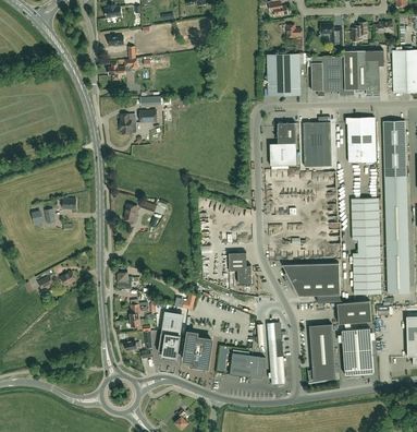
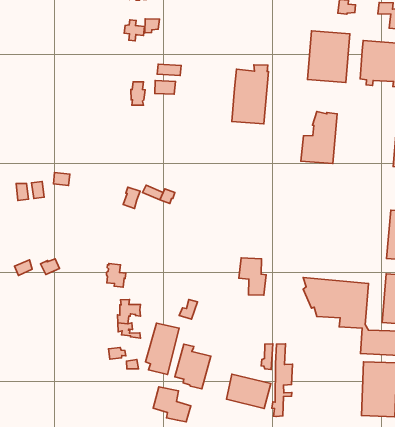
building: [304,116,332,167] -> [232,65,268,124]
building: [308,324,336,383] -> none
building: none -> [153,387,191,422]

